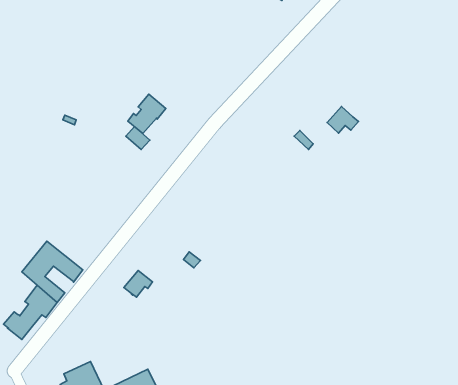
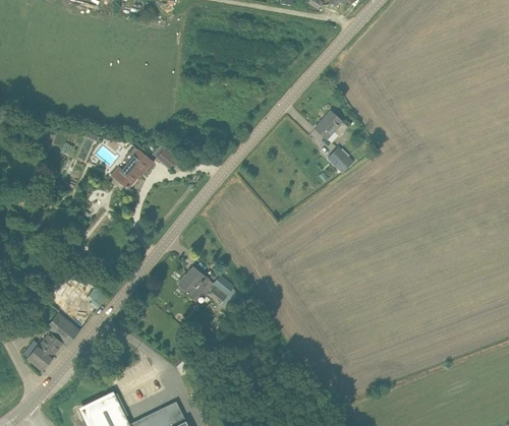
building: [128,94,166,133] -> [112,147,153,189]
building: [327,106,359,133] -> [315,112,348,140]
building: [124,270,153,297] -> [178,267,209,296]

